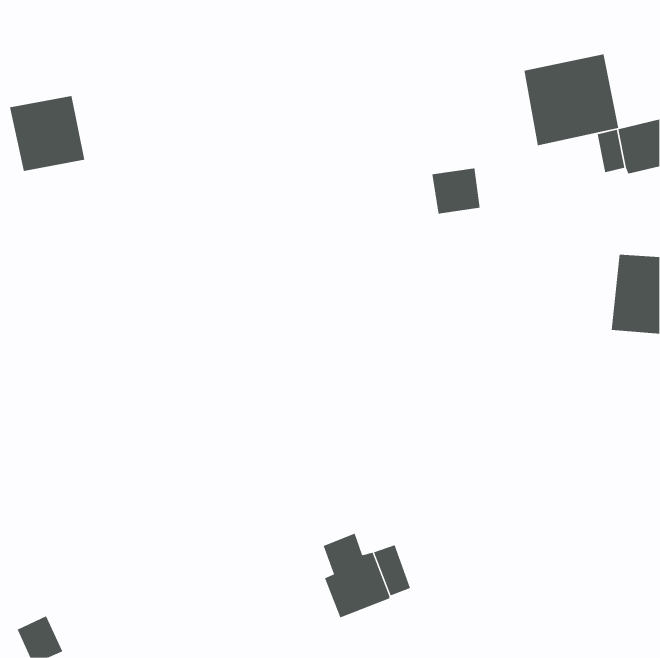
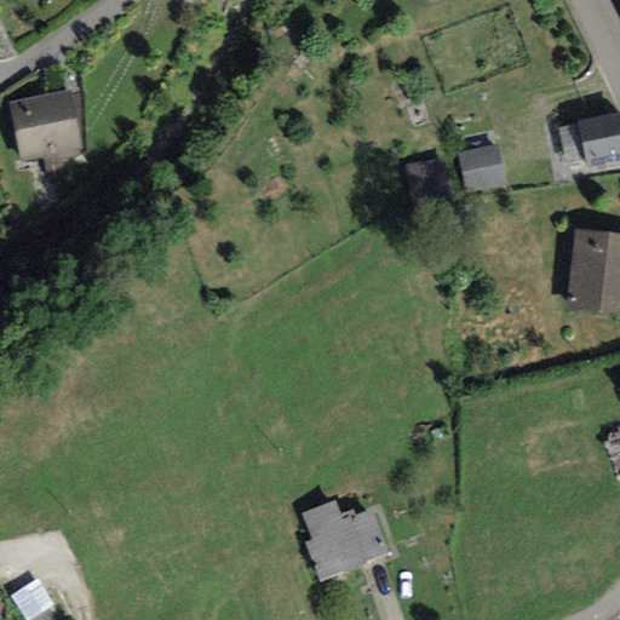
building: [524,53,619,146] -> none
building: none -> [459,144,505,190]

